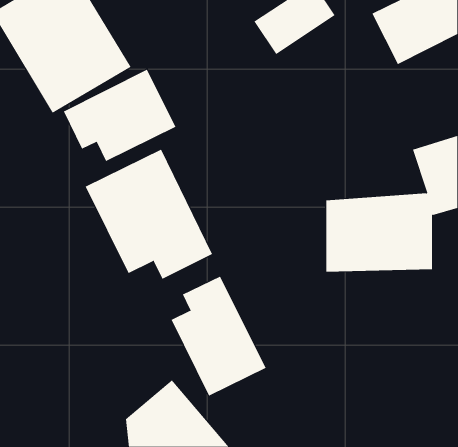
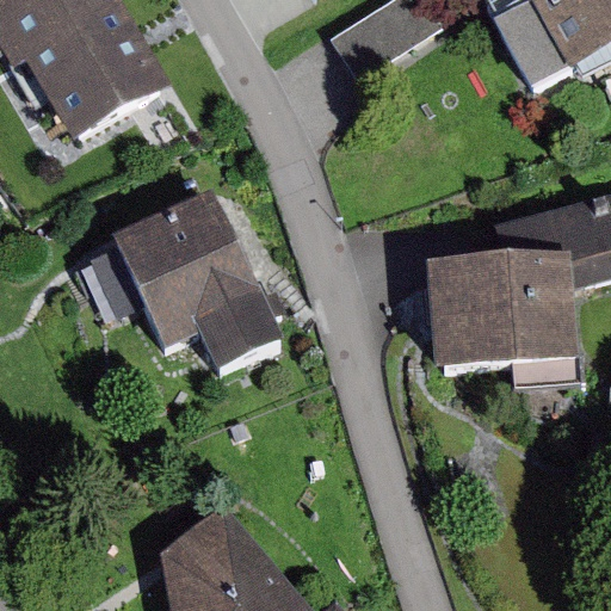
building: [63,69,176,162] -> none
building: [171,276,266,396] -> none

